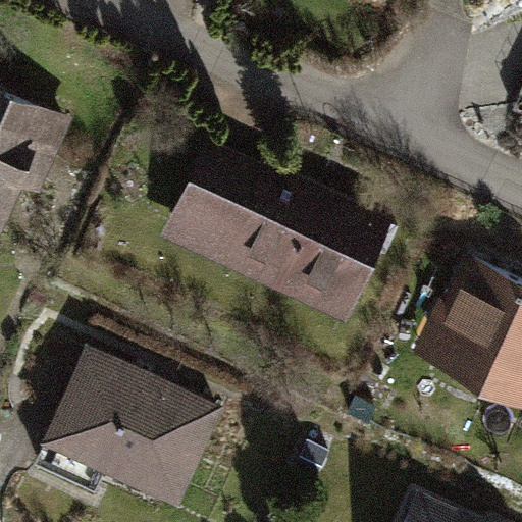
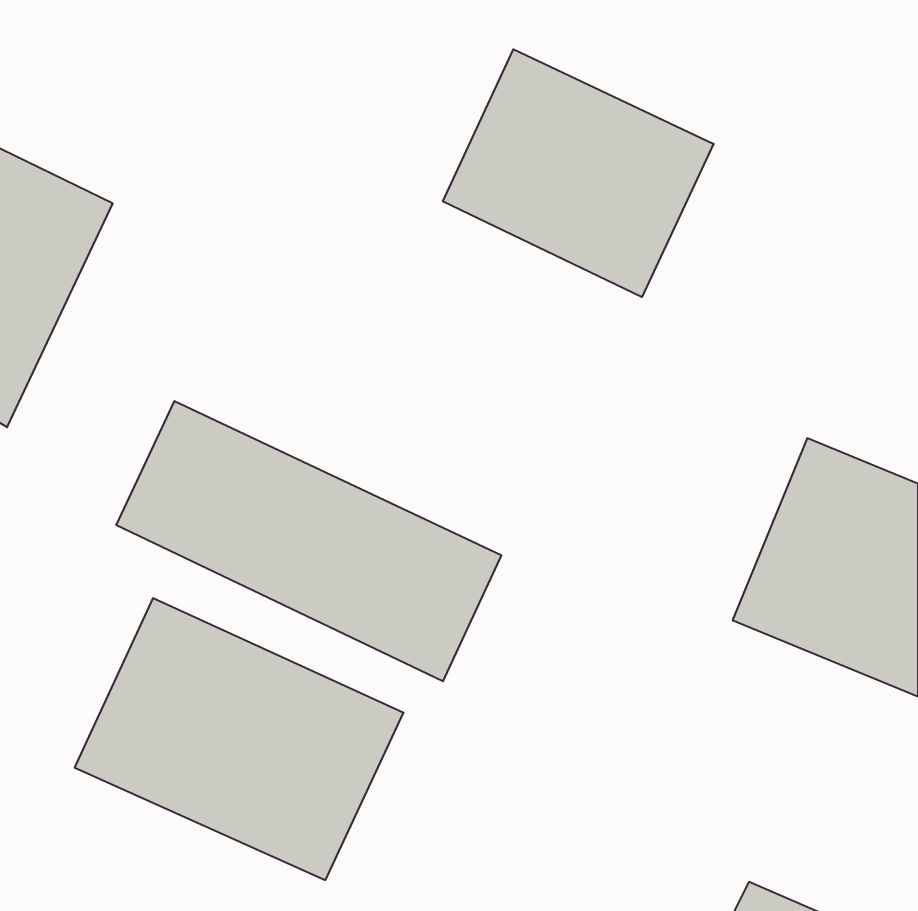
building: none -> [443,49,714,297]
building: [161,168,377,325] -> [116,401,501,681]

